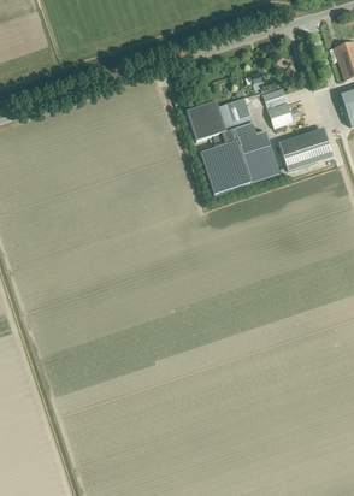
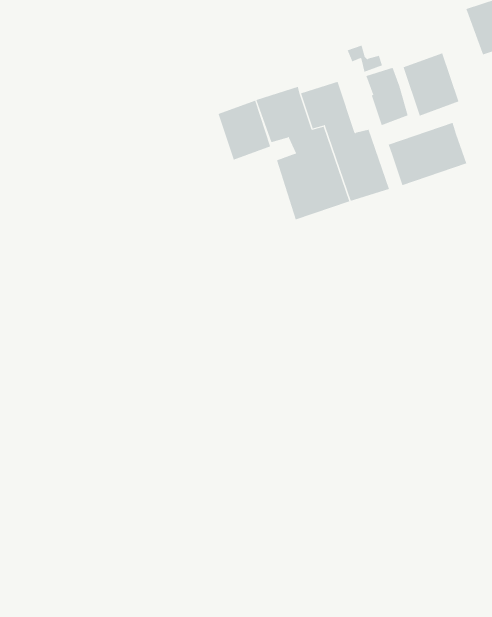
building: none -> [403,53,459,116]
building: none -> [218,100,271,160]

